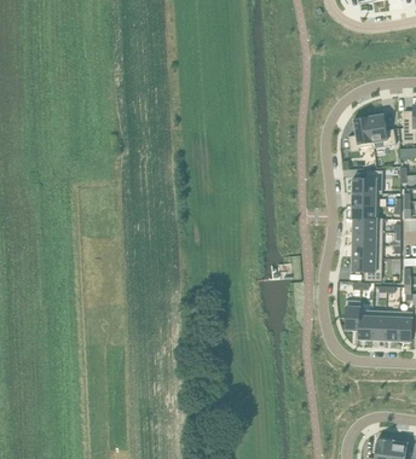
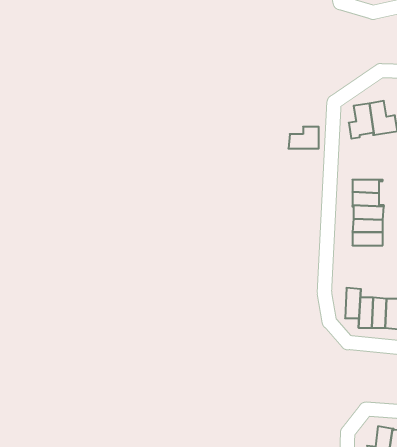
building: [352,170,382,192] -> [288,127,319,149]
building: [352,257,382,280] -> none

